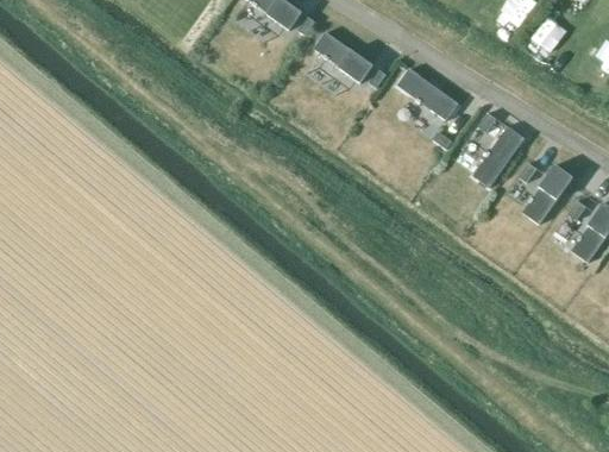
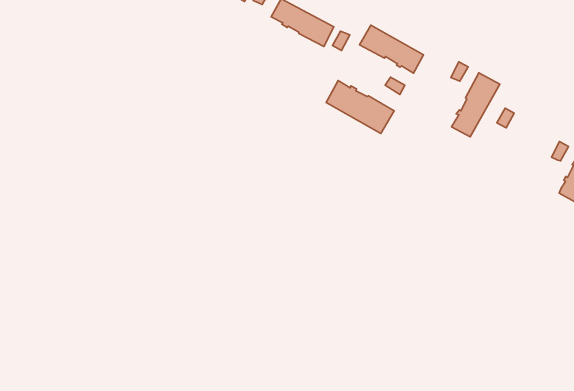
building: none -> [326,81,394,133]
building: [521,164,571,225] -> none

